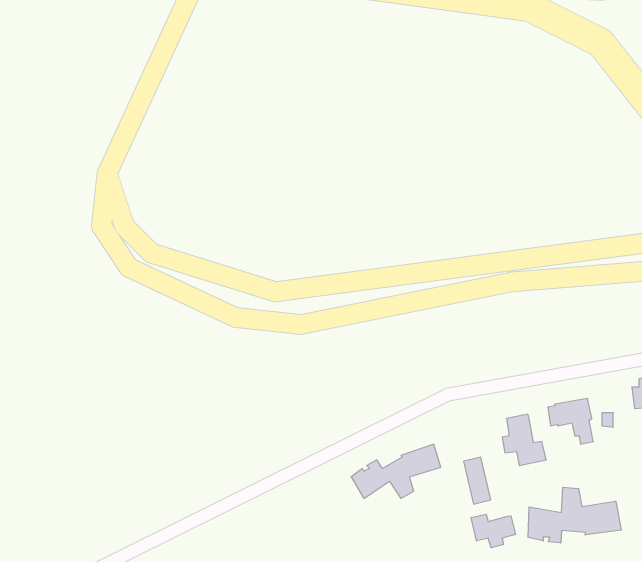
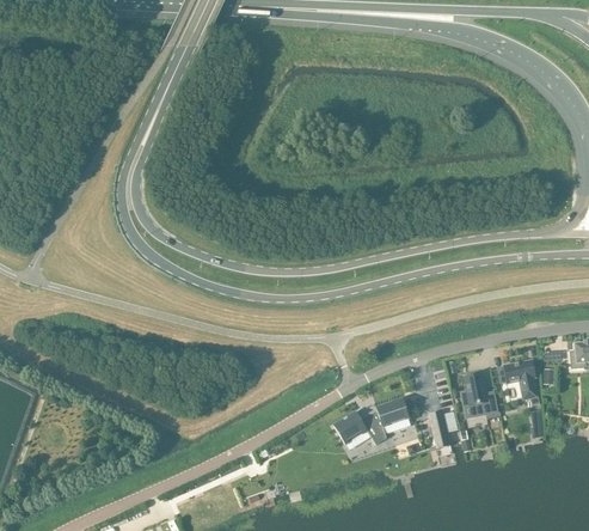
building: [528,487,621,543] -> none
building: [471,514,515,548] -> none

